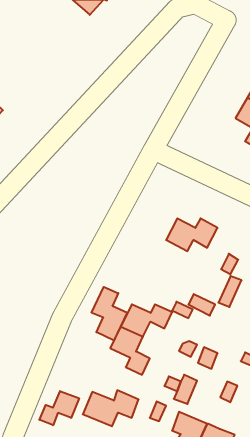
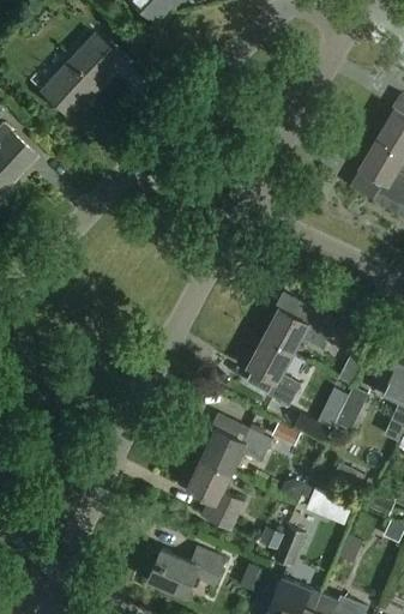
building: none -> [40,35,123,118]
building: none -> [245,337,300,407]
building: [92,287,127,341] -> none
building: [39,391,79,425] -> none

